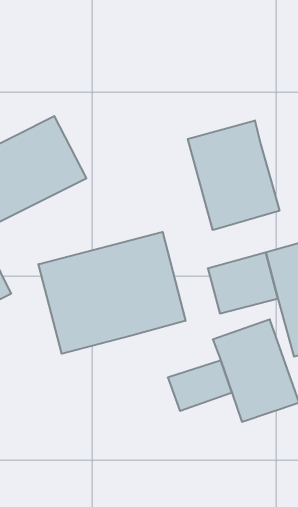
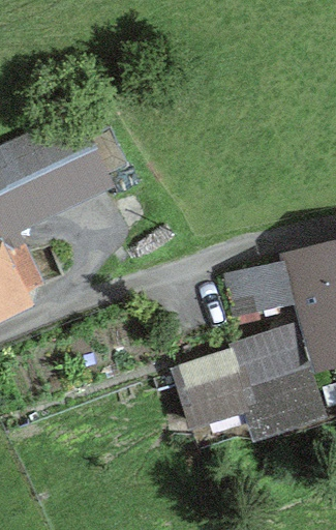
building: [188,120,279,230] -> none
building: [38,232,185,354] -> none

